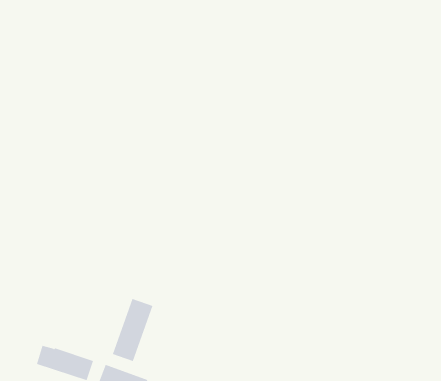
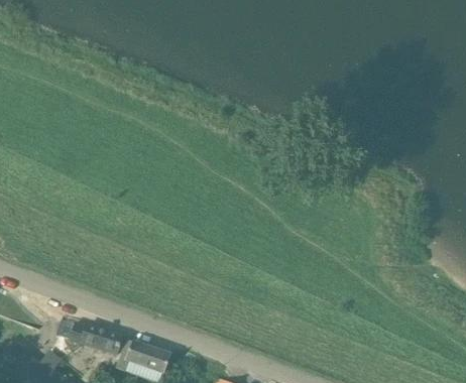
building: [112,298,153,362] -> none

